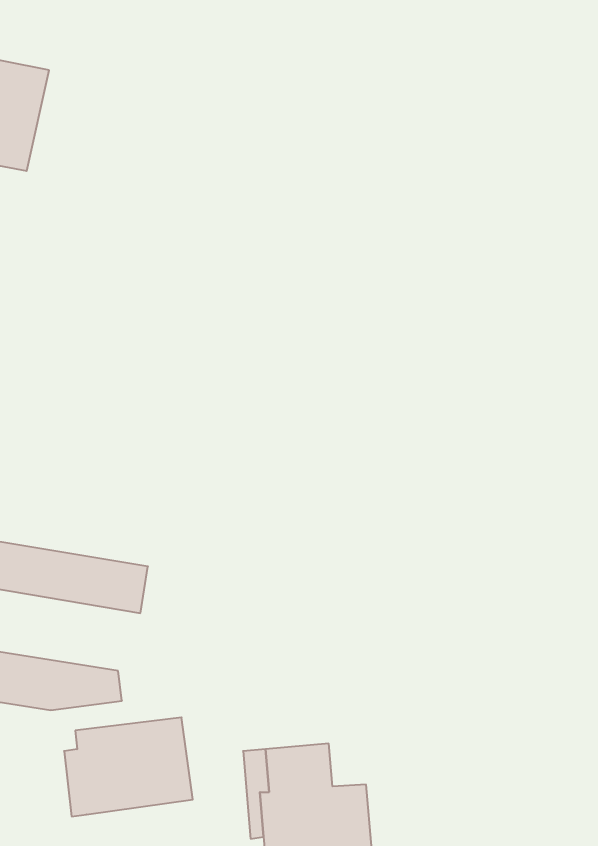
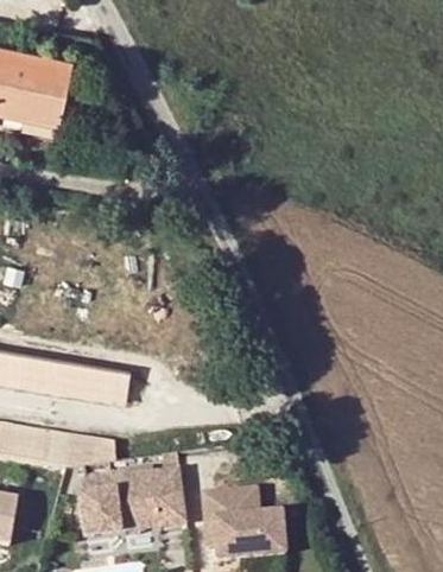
building: none -> [156,452,188,525]

